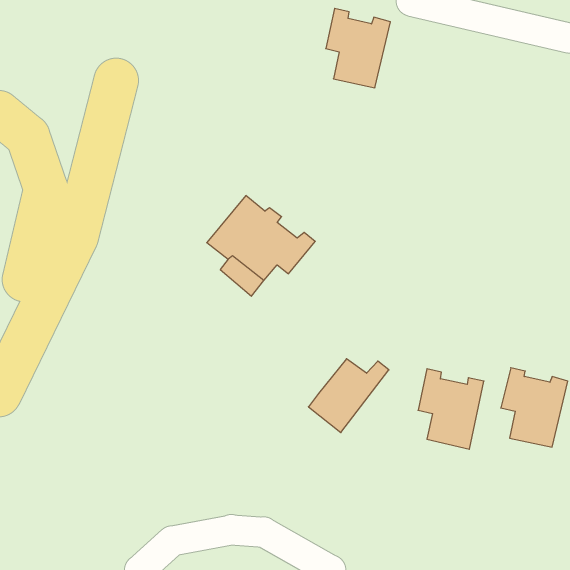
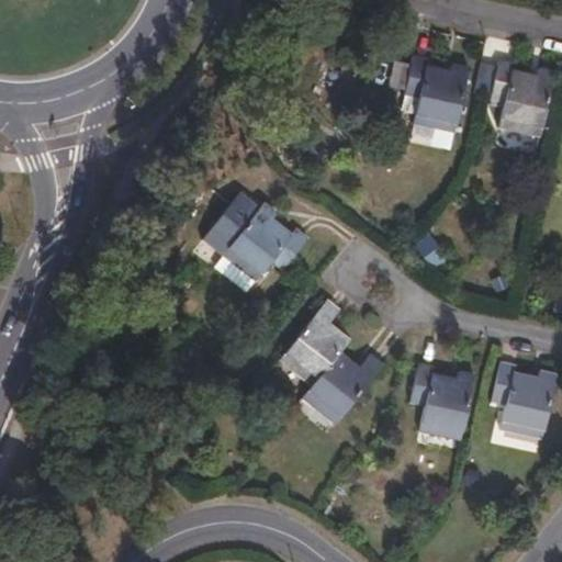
building: [326,8,390,88] -> [406,55,470,133]
building: none -> [492,60,555,138]
building: none -> [280,300,350,386]

